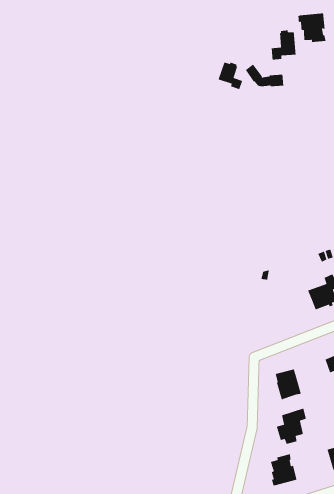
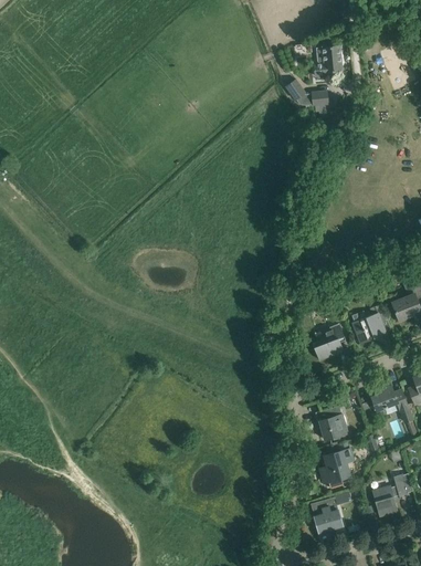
building: [298,13,326,43] -> none
building: [217,61,243,90] -> none
building: none -> [314,323,344,360]

